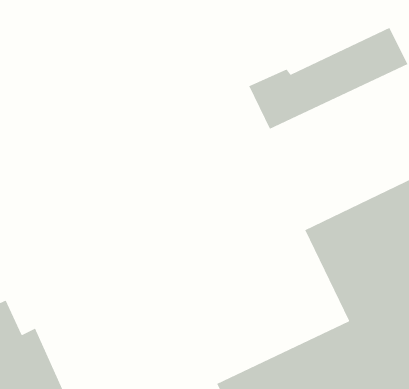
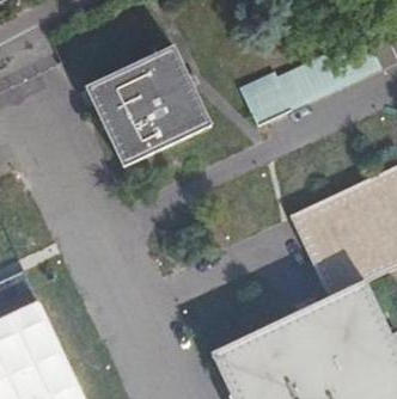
building: none -> [84,44,212,168]

